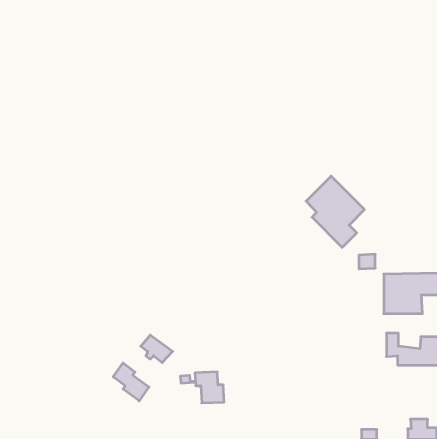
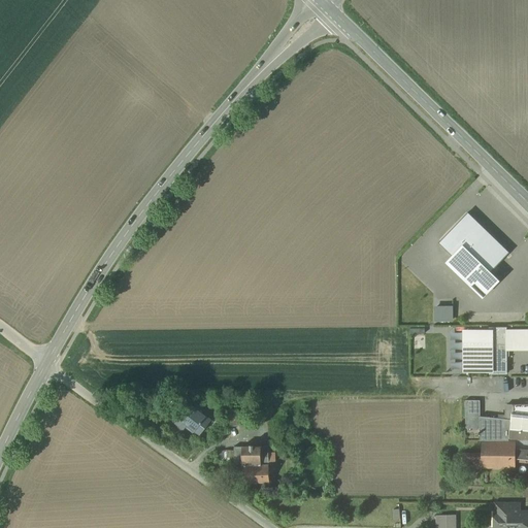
building: [306,176,364,247] -> [438,210,508,296]
building: [113,363,149,401] -> none
building: none -> [482,444,514,469]

